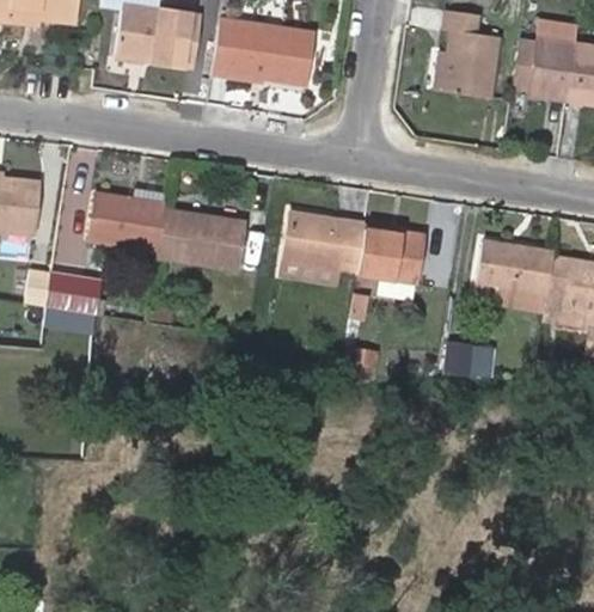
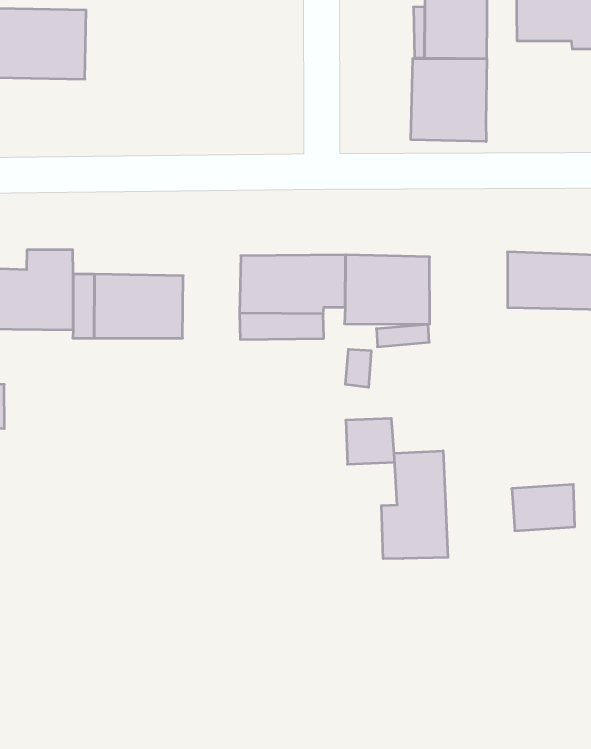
building: [212,19,316,84] -> none
building: none -> [411,58,487,142]
building: [446,342,494,377] -> [512,484,575,531]
building: none -> [381,451,448,559]

